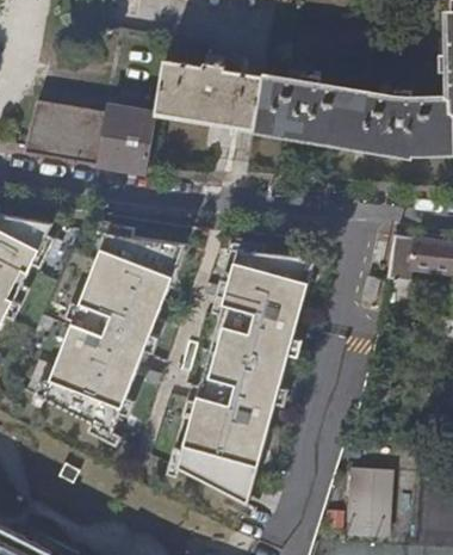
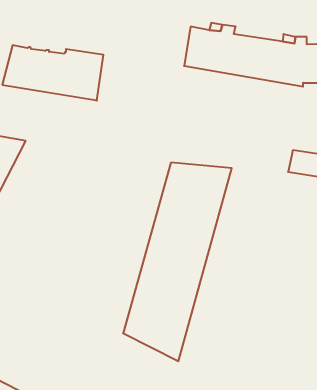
building: [151,55,262,129] -> none
building: [42,233,186,433] -> none
building: [337,474,381,534] -> none

